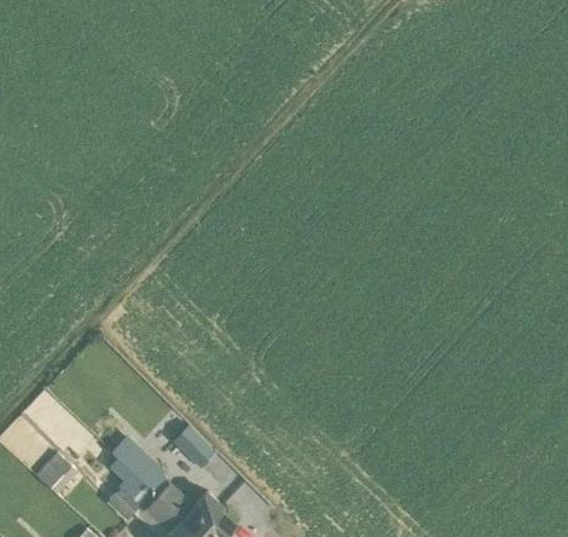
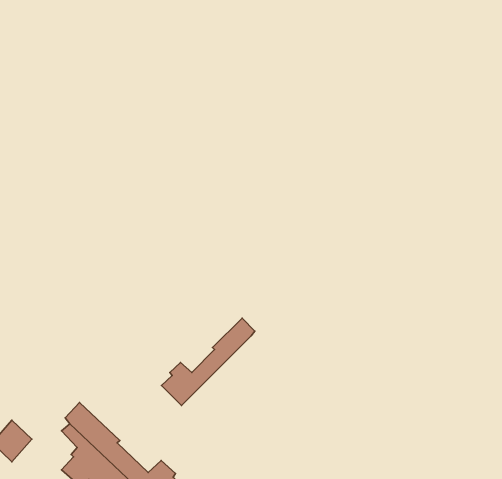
building: none -> [162,318,255,406]
building: [173,426,216,469] -> none

